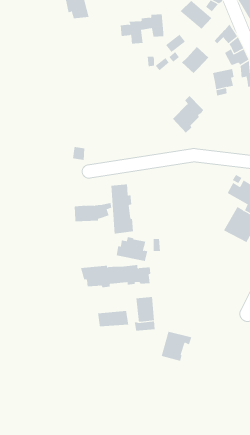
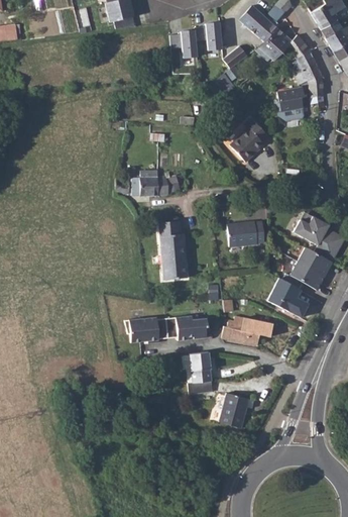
building: [181,46,209,74] -> [259,27,292,60]
building: none -> [228,220,265,246]
building: [74,203,112,222] -> [139,173,184,195]
building: none -> [268,278,308,317]
building: [116,236,148,262] -> [222,315,259,344]
building: [98,310,129,327] -> none

